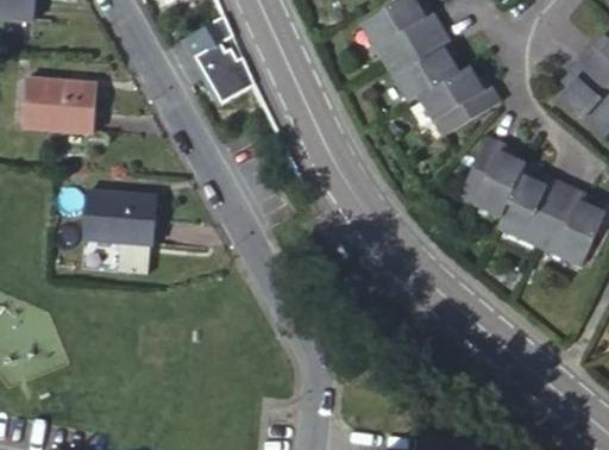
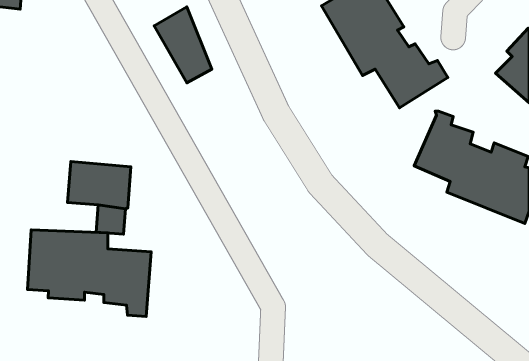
building: [18,81,90,136] -> none
building: none -> [28,230,151,317]

